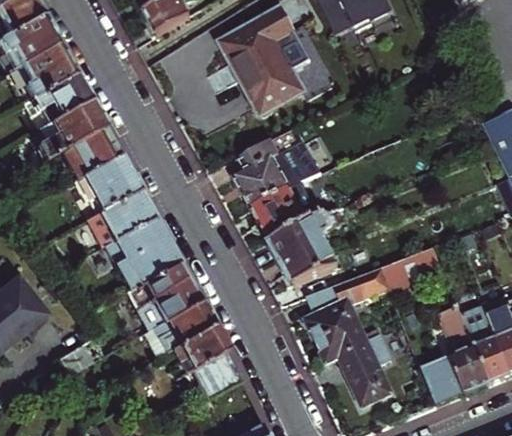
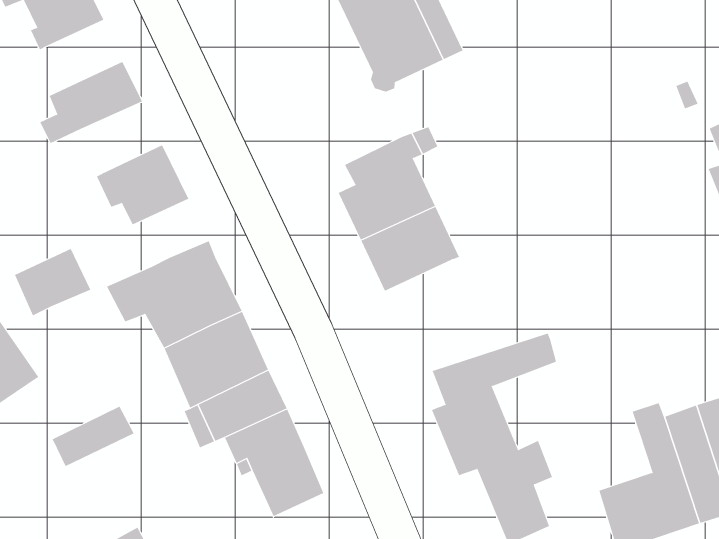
building: [37,72,88,119] -> none
building: [63,125,118,175] -> none
building: [101,188,153,235] -> [14,248,91,316]
building: [272,213,339,283] -> none
building: [385,257,421,294] -> none

